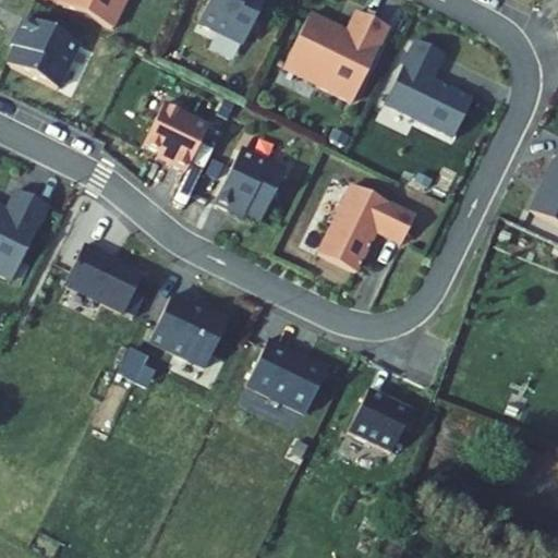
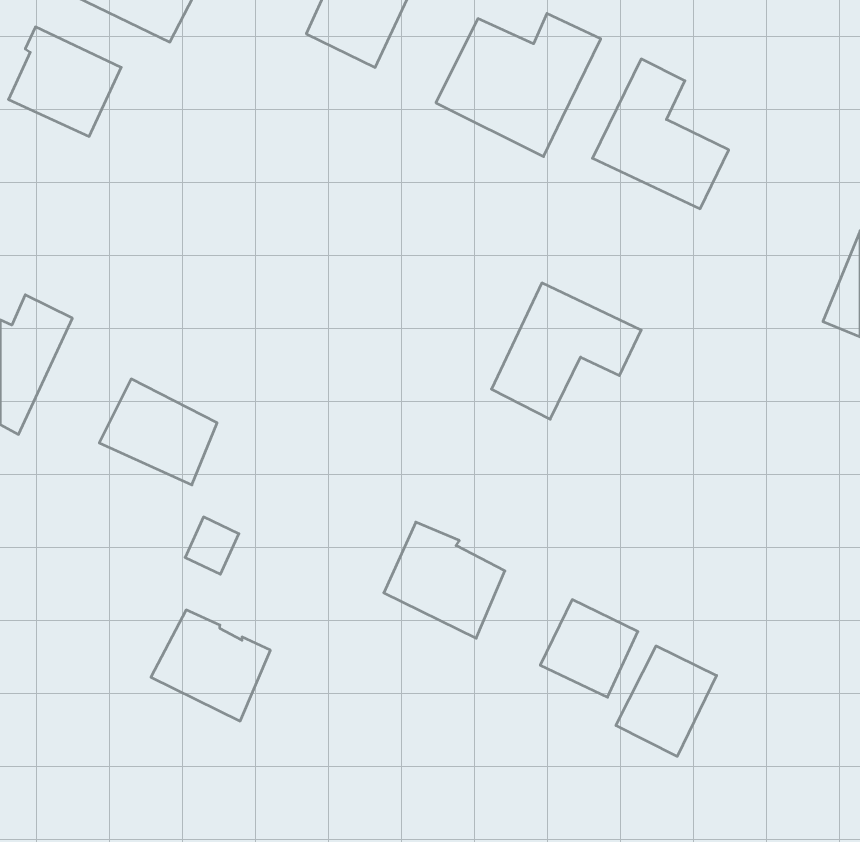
building: [146,99,209,168] -> none
building: [215,147,286,220] -> none
building: [149,296,227,368] -> [151,610,270,721]
building: none -> [616,646,717,756]

